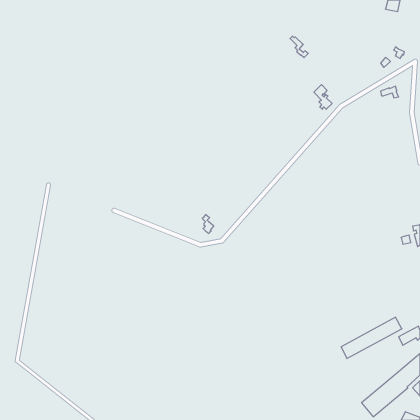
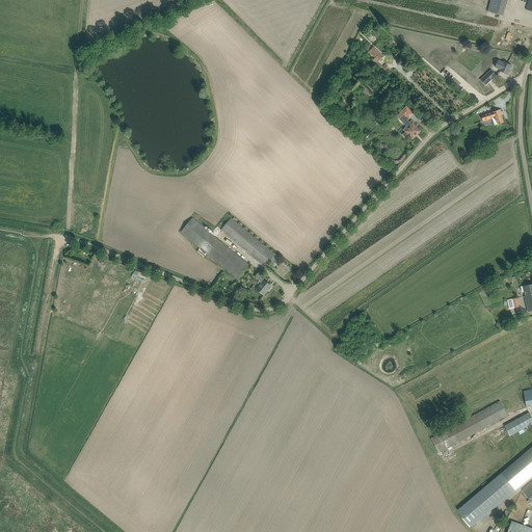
building: none -> [181,218,250,280]
building: none -> [220,218,280,268]

